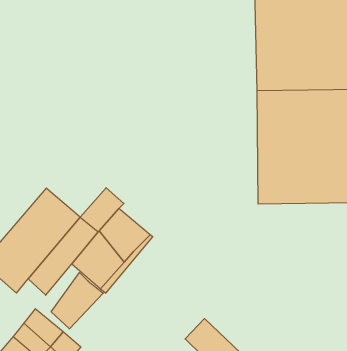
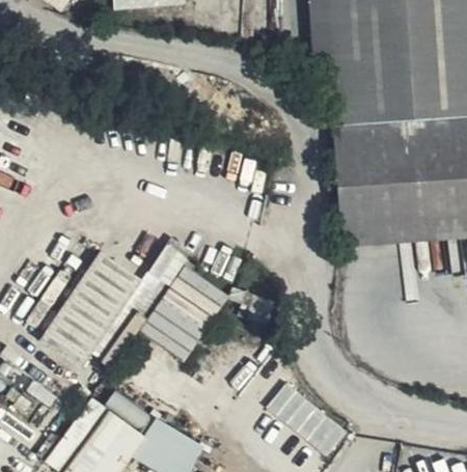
building: [51,273,103,329] -> none

